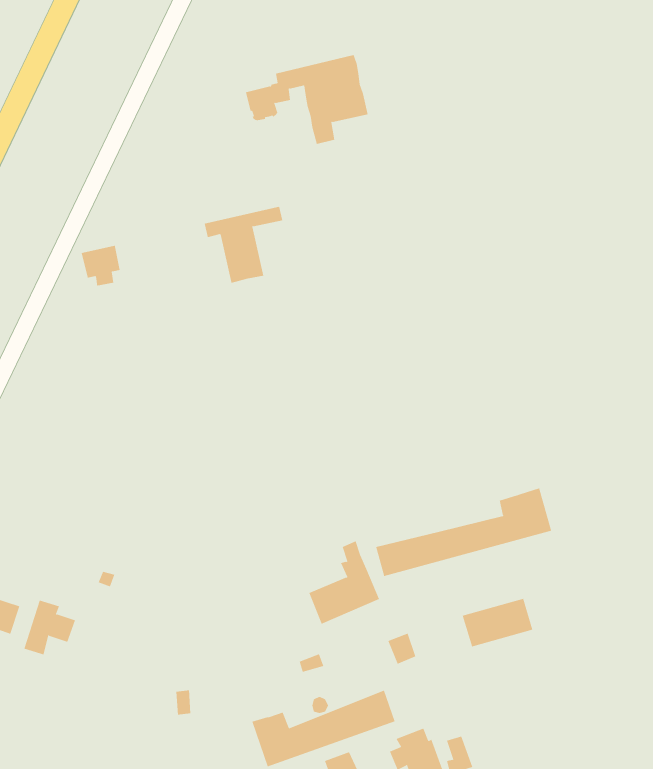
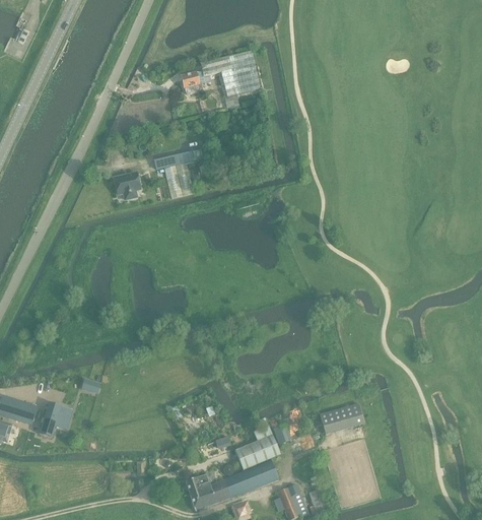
building: [81,245,120,286] -> [114,173,139,199]
building: [375,487,552,577] -> none
building: [309,541,380,624] -> [233,416,279,470]

